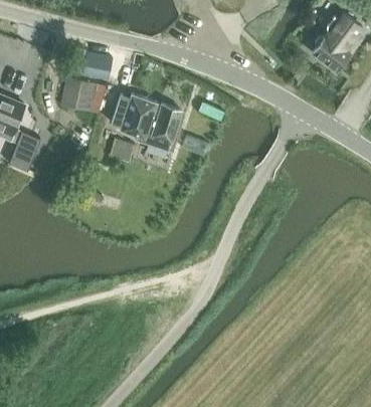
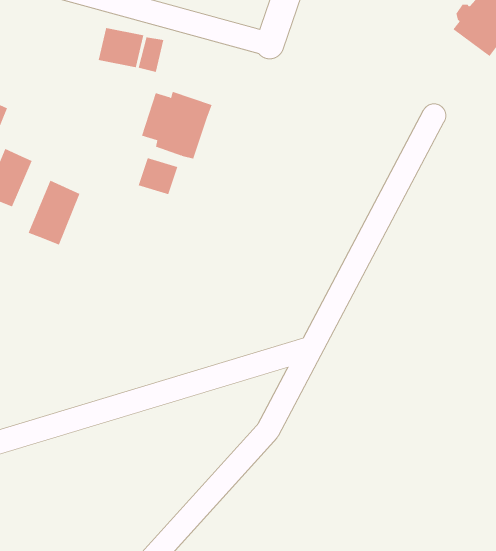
building: [60,76,106,113] -> none
building: [136,104,181,146] -> none
building: none -> [28,180,80,245]

